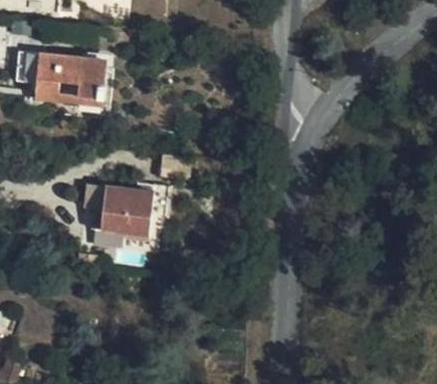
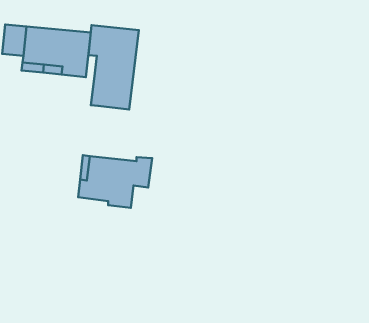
building: none -> [89,25,139,109]

